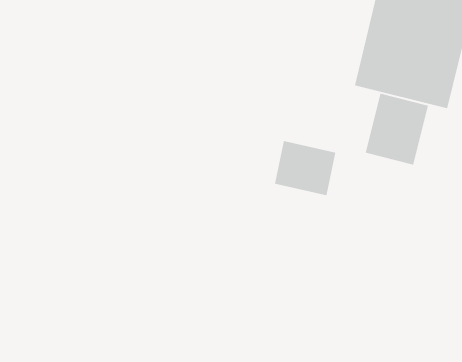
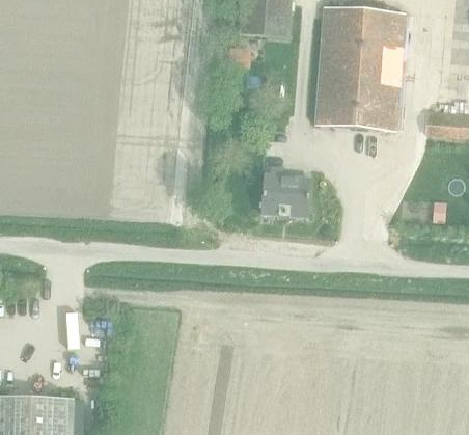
building: [365,93,428,166] -> none

